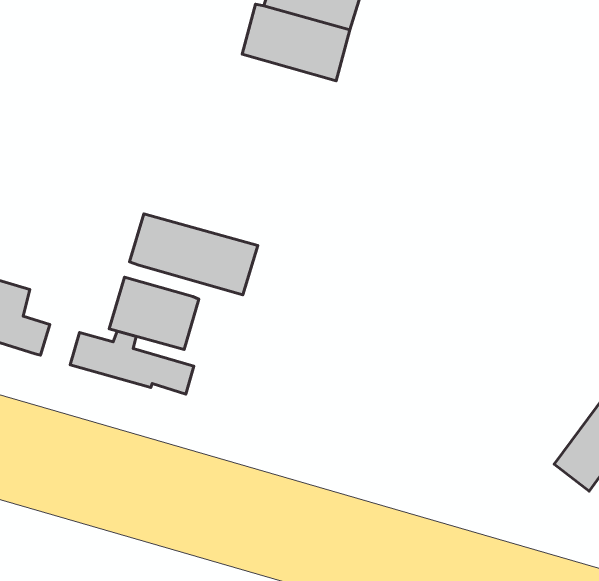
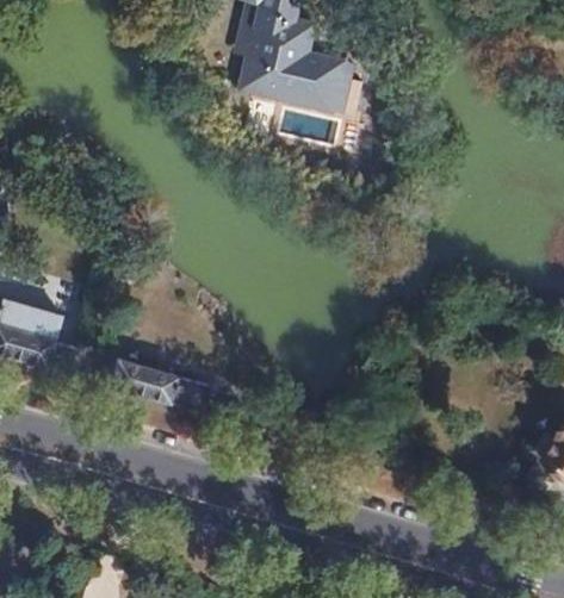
building: [129,214,258,295] -> none
building: [109,277,199,350] -> none

